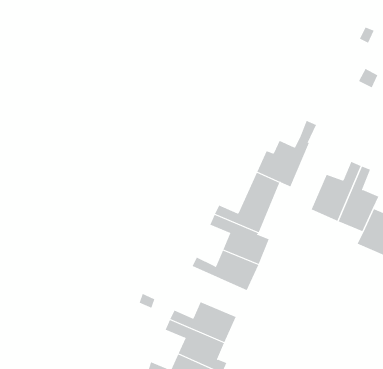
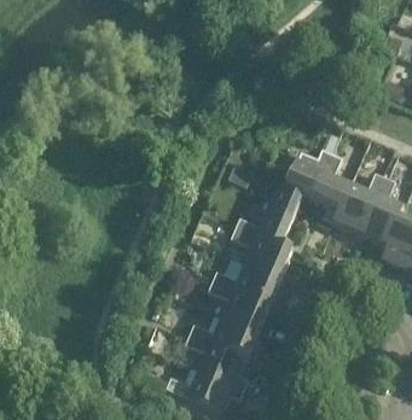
building: none -> [313,153,349,222]
building: none -> [207,280,268,332]

